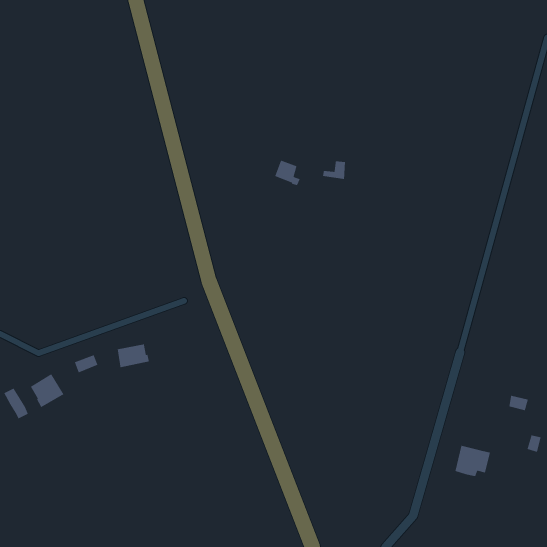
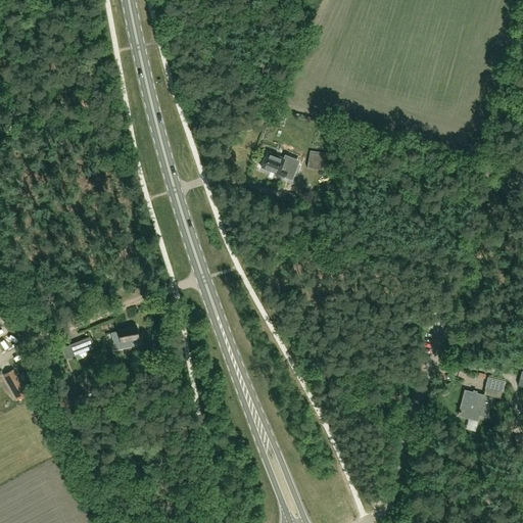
building: [30,373,65,408] -> none
building: [454,445,491,477] -> [458,390,492,421]

